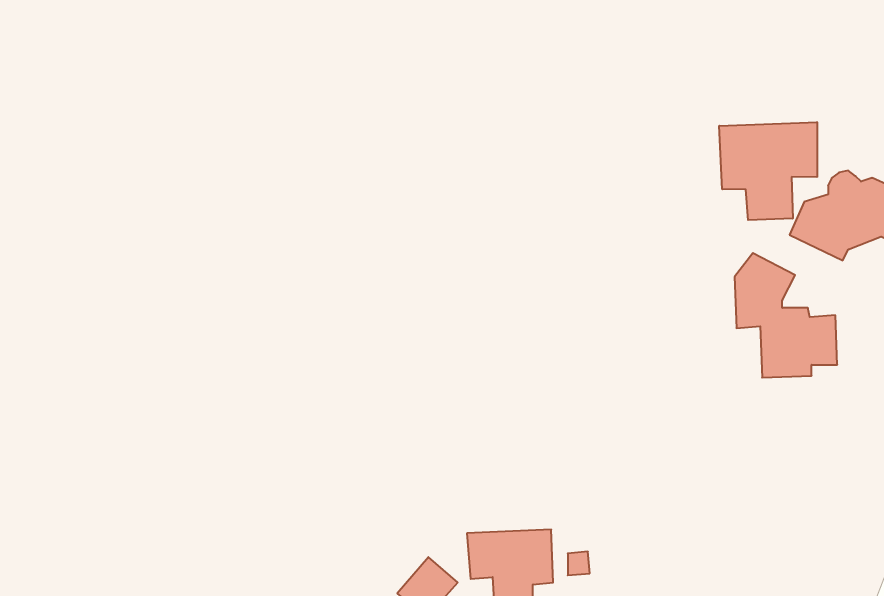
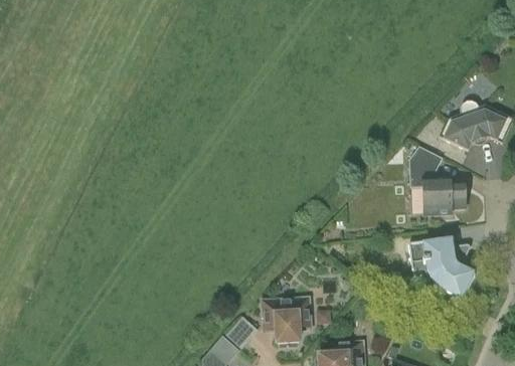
building: [719,122,817,220] -> none
building: none -> [408,239,475,320]

